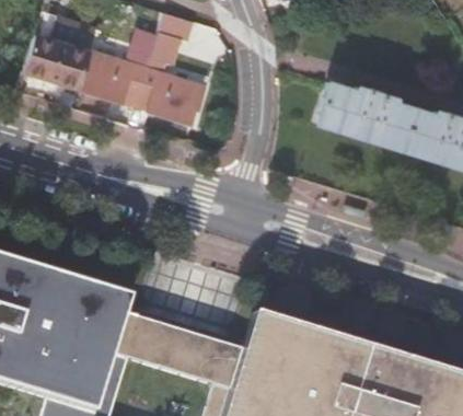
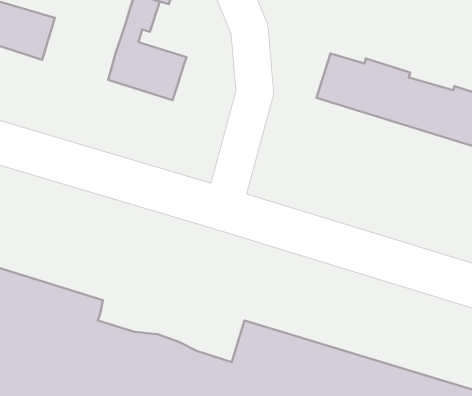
building: [79,51,150,102] -> none

